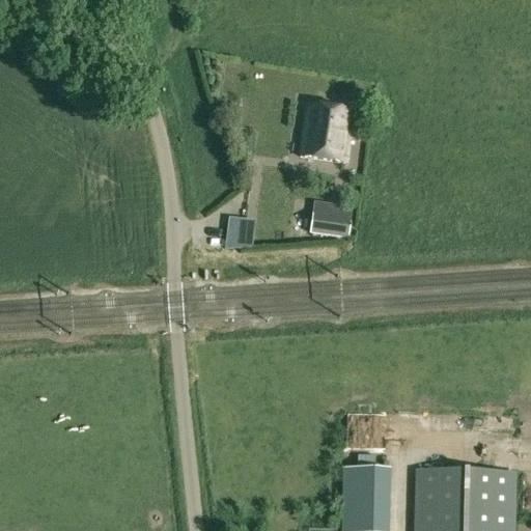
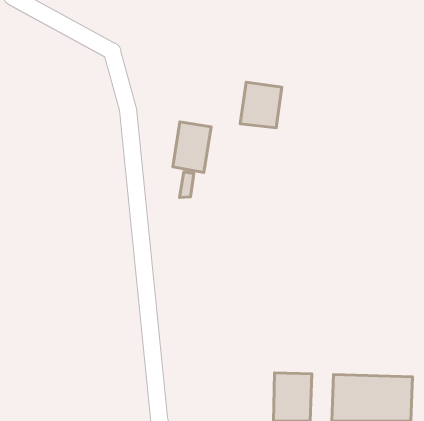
building: none -> [173,122,211,173]
building: [310,212,351,236] -> none

